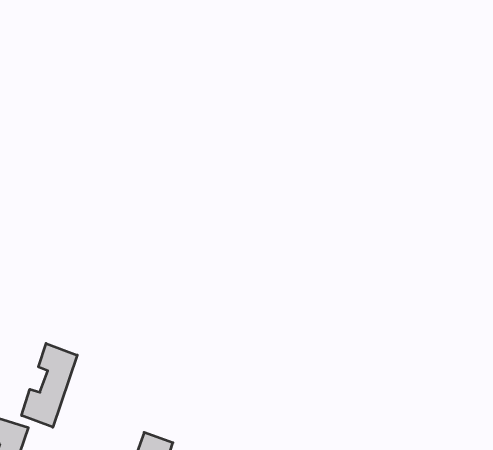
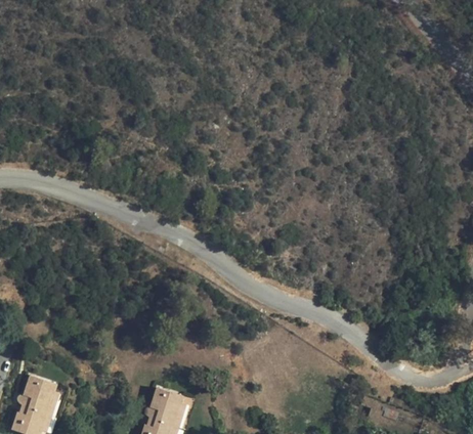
building: [22,343,77,427] -> none

